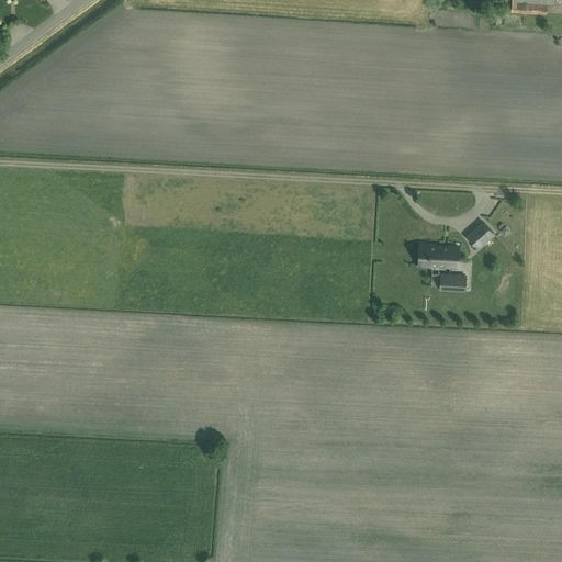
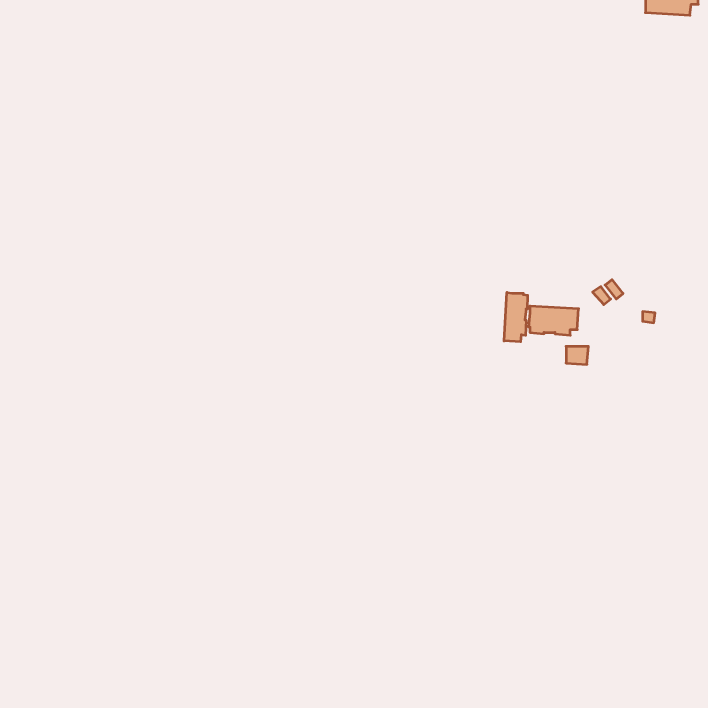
building: none -> [504,292,528,342]

